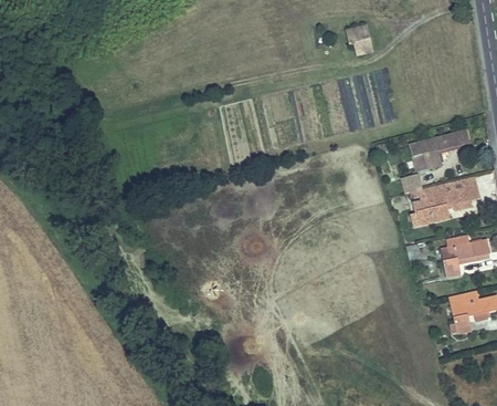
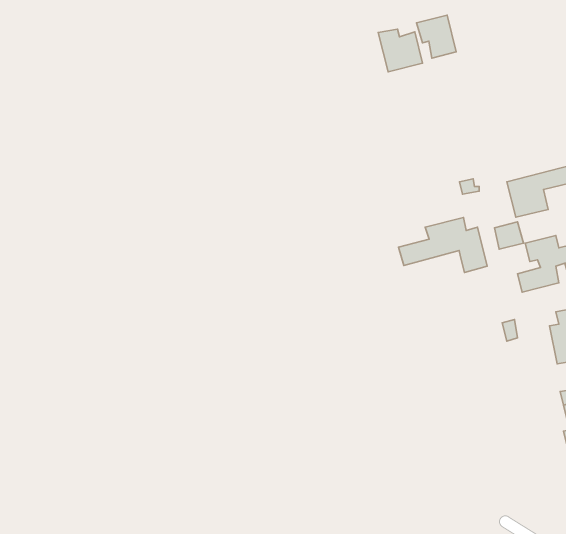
building: none -> [378,29,423,72]
building: none -> [399,218,487,272]

